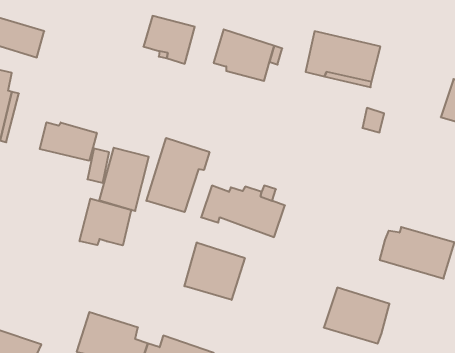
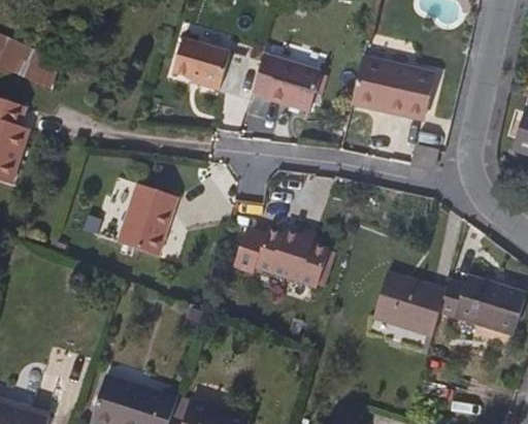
building: [40,122,97,161] -> none
building: [146,138,209,212] -> none
building: [80,199,131,245] -> none
building: [184,242,245,300] -> none
building: [324,288,390,344] -> [370,273,446,337]

